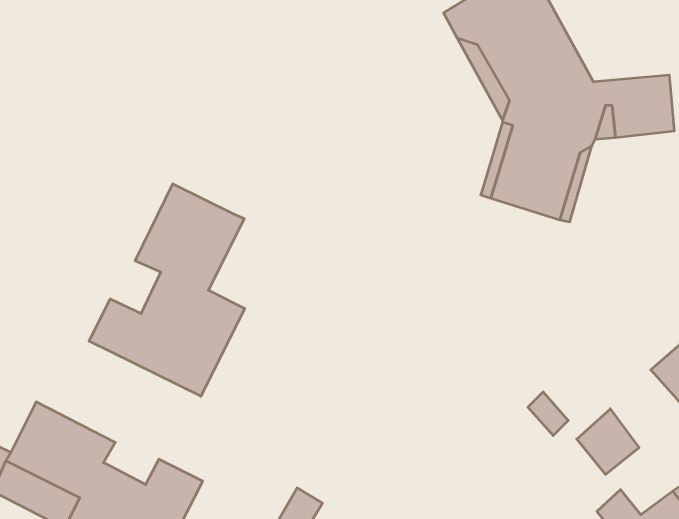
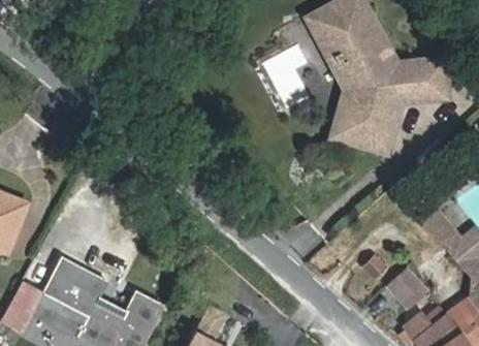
building: [89,184,245,396] -> none

